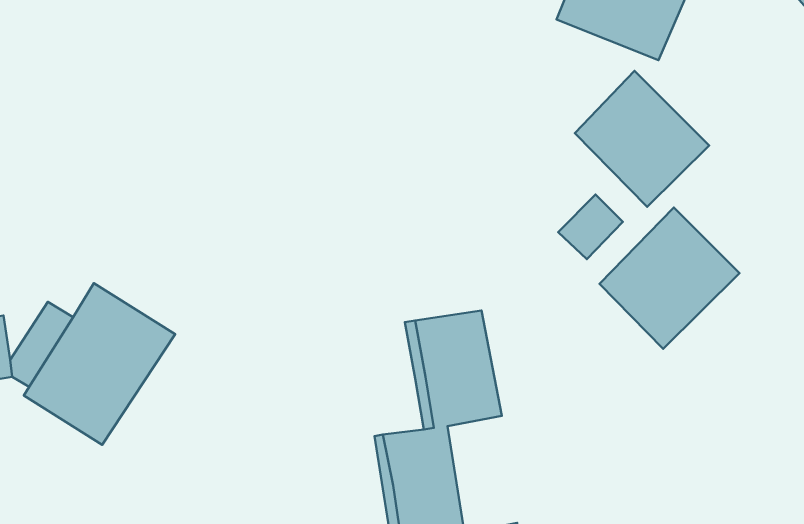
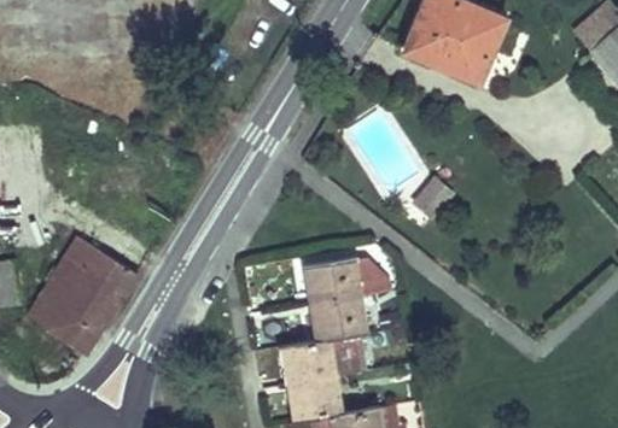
building: [575,71,709,207] -> none
building: [600,208,739,349] -> none

